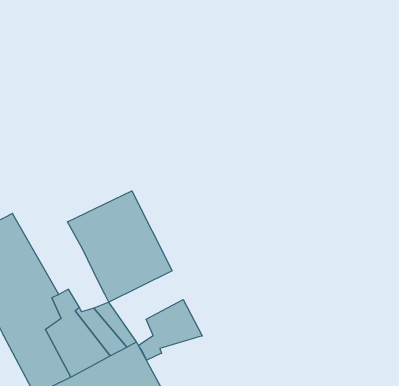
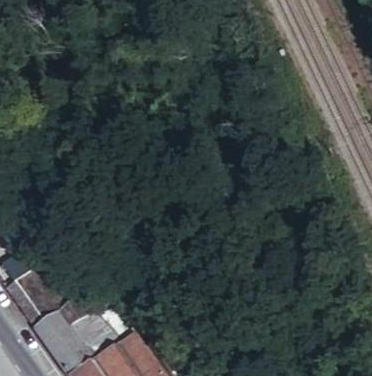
building: [67,191,172,302] -> none
building: [138,300,202,360] -> none

